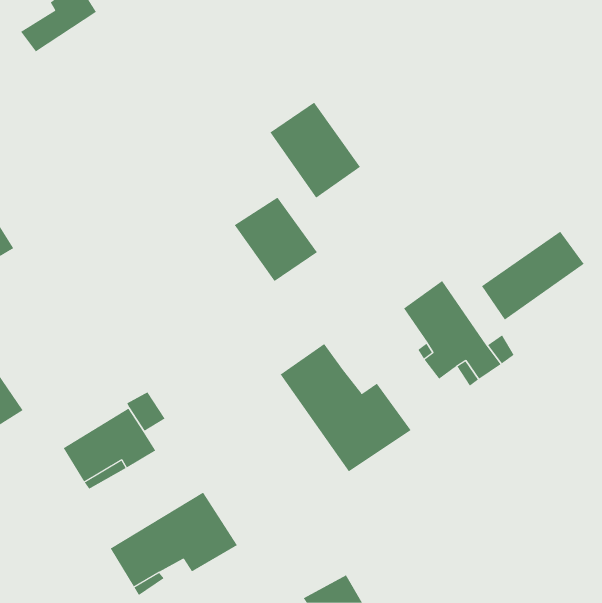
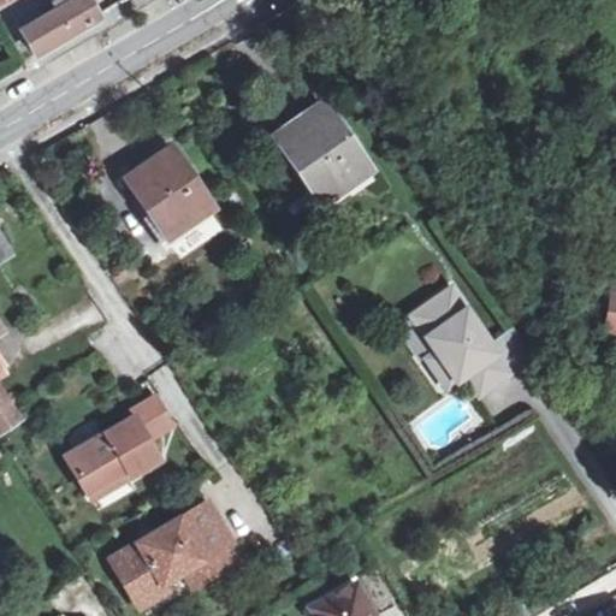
building: [234,197,318,282] -> [124,149,209,236]
building: [481,231,584,320] -> none
building: [280,343,411,472] -> none

